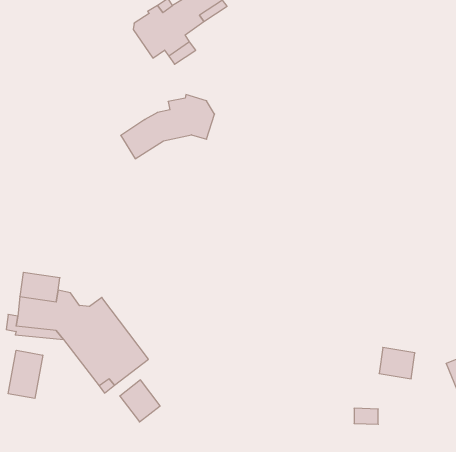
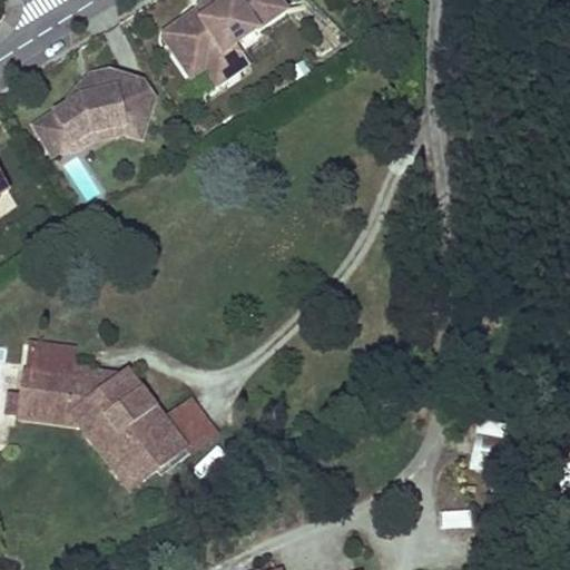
building: [121,95,215,159] -> [36,72,153,153]
building: [8,350,43,398] -> none
building: [120,380,160,422] -> [161,395,212,448]

